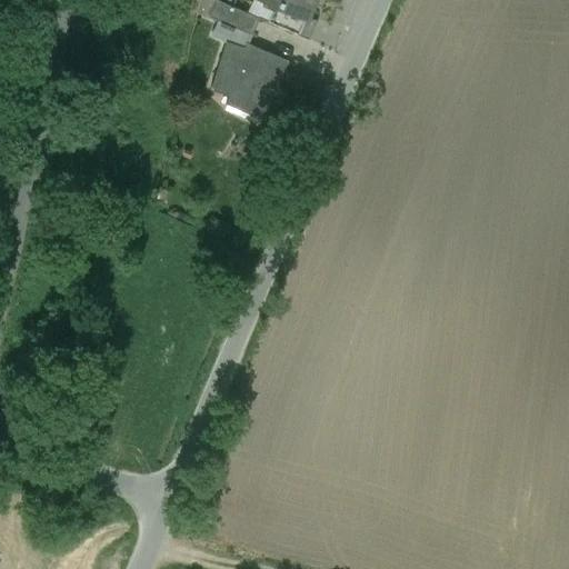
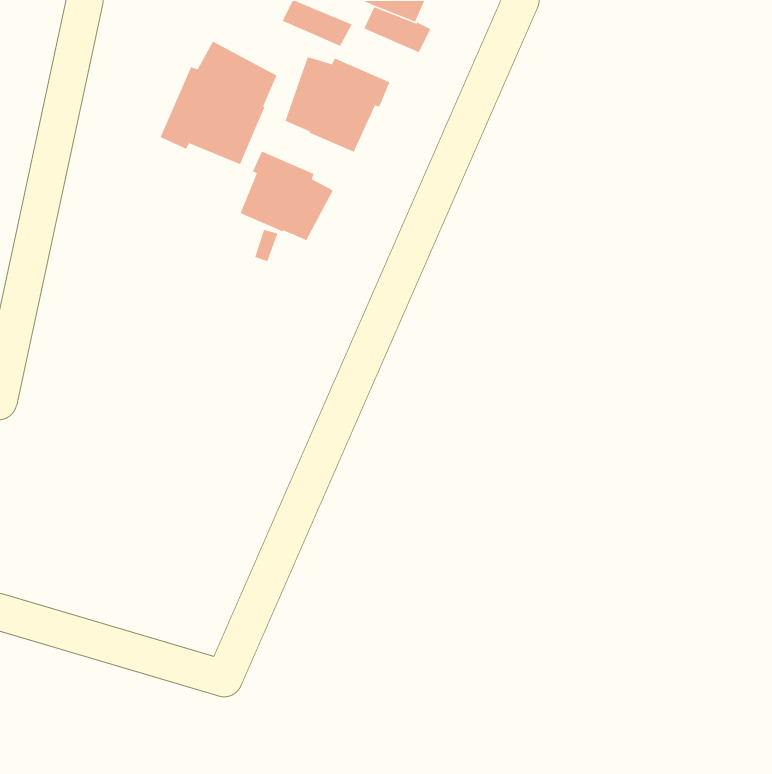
building: none -> [160,40,277,165]
building: none -> [239,150,334,241]

